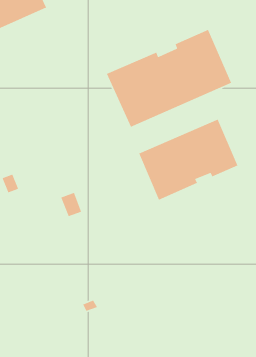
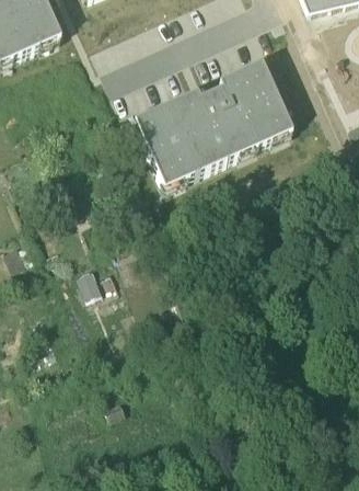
building: [138,119,239,201] -> none

